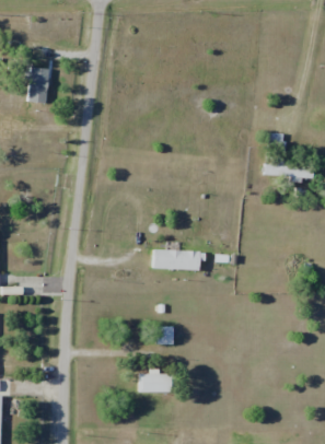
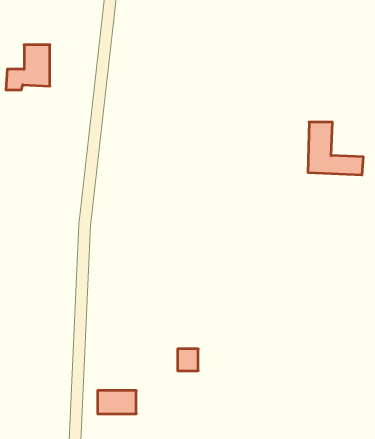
building: [152,250,198,269] -> none
building: [140,374,173,394] -> [98,391,136,414]

